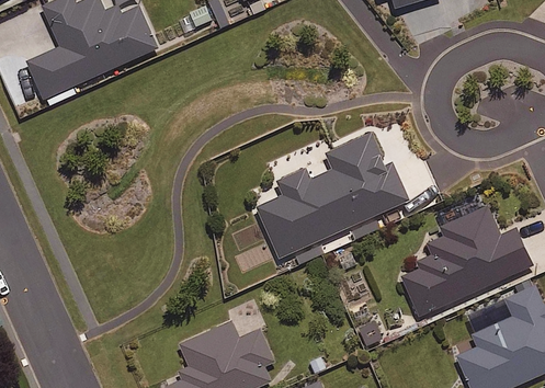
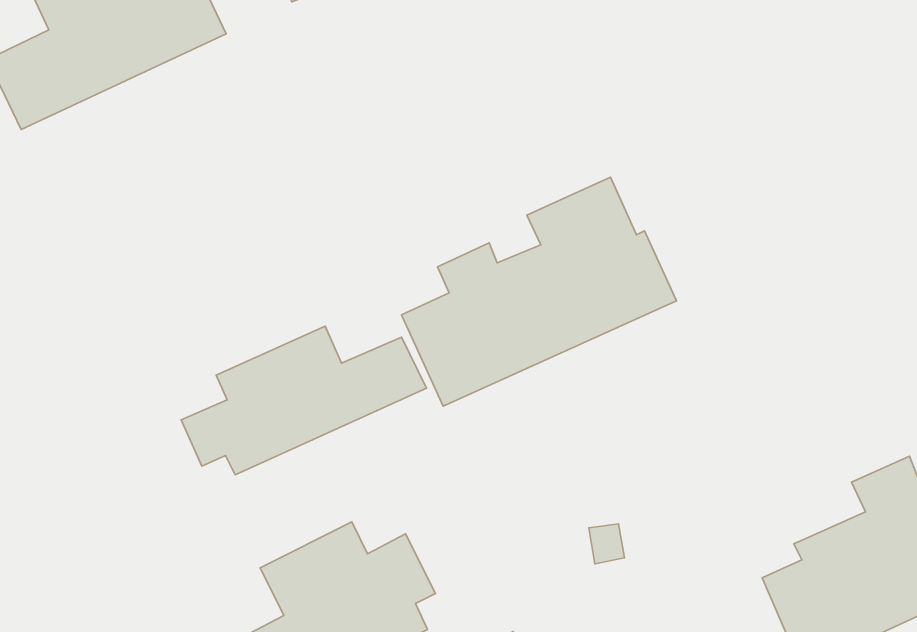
building: [400,205,531,323] -> none
building: none -> [181,326,427,475]

